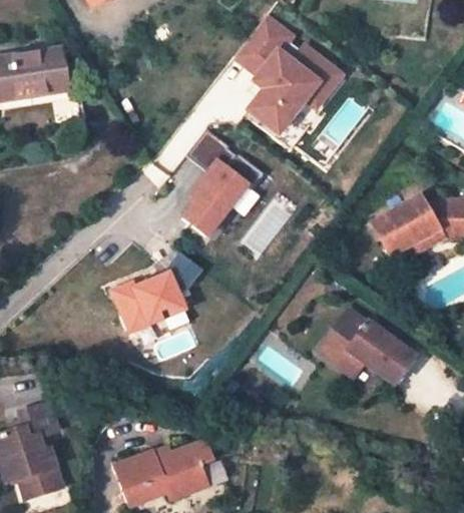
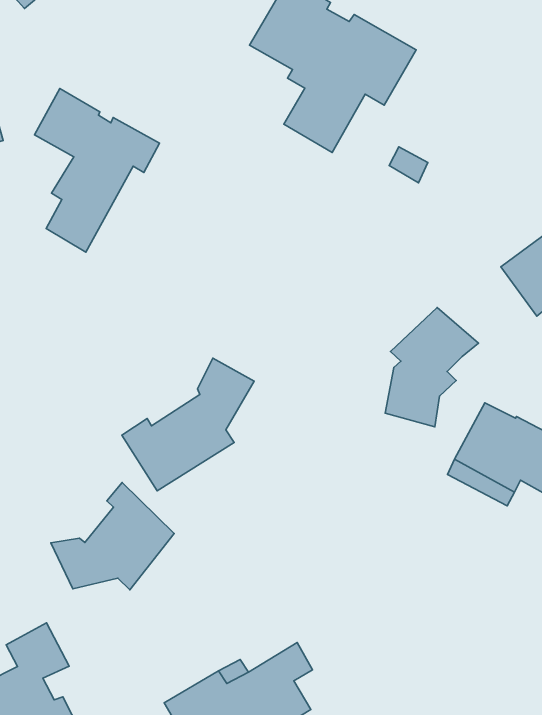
building: [183,127,265,234] -> [34,88,159,252]
building: none -> [385,307,478,427]
building: none -> [51,482,174,590]

